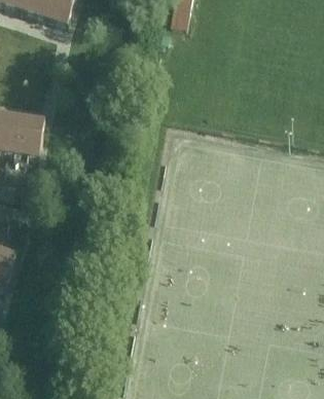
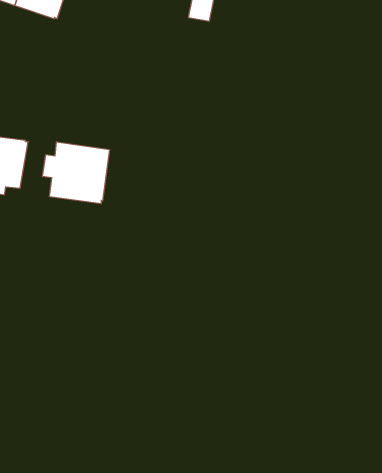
building: none -> [43,142,109,204]

